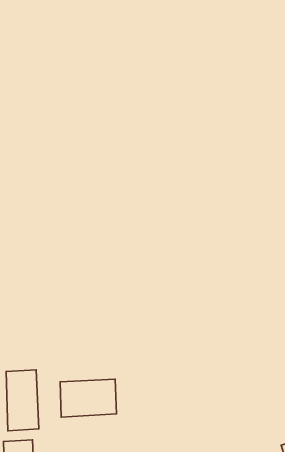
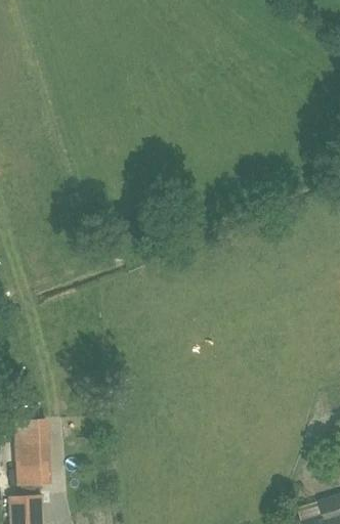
building: [60,379,117,417] -> none

